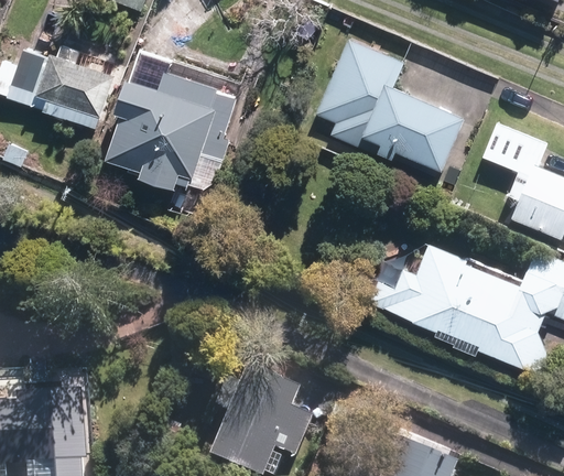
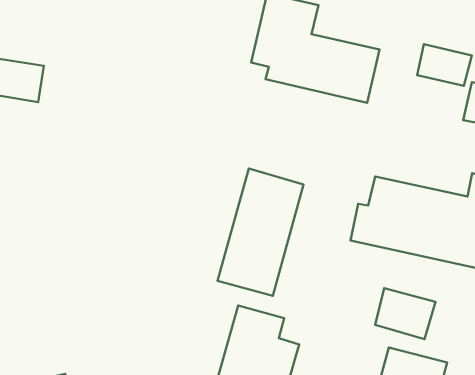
building: [107,75,231,184] -> none
building: none -> [218,169,303,296]
building: none -> [375,288,435,339]

